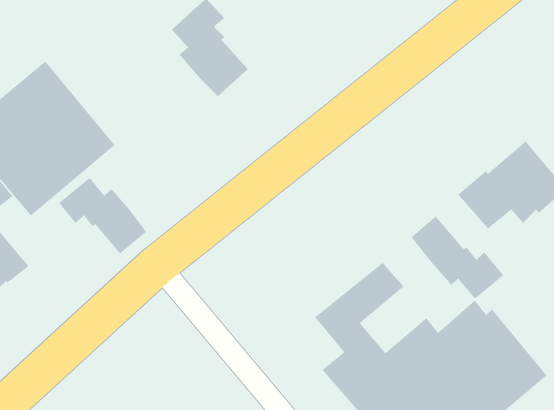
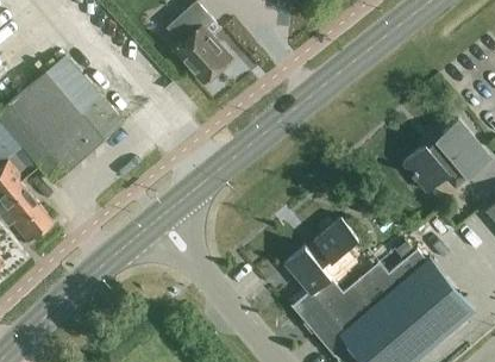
building: [58,177,147,255] -> none
building: [410,215,504,300] -> none

